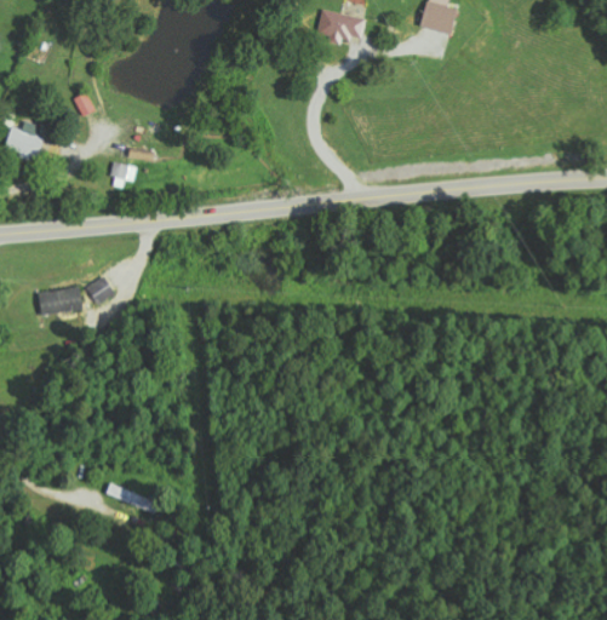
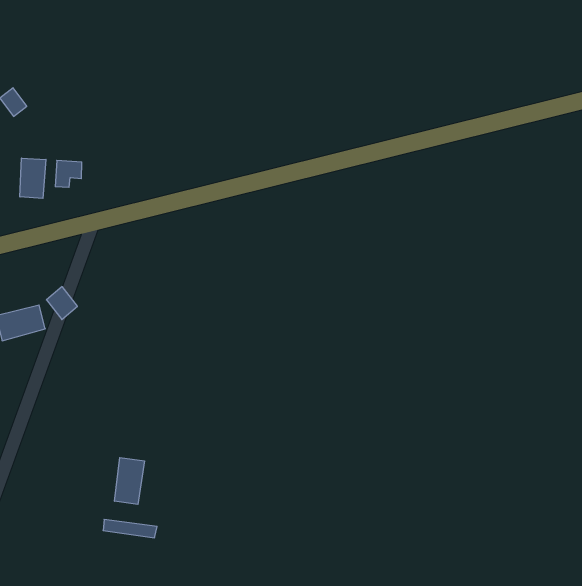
building: none -> [20,158,46,198]
building: none -> [115,458,144,504]

